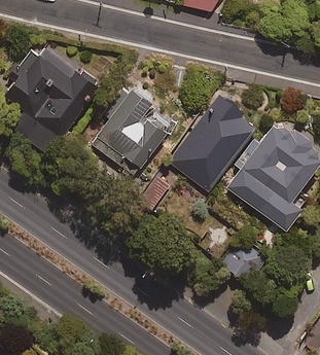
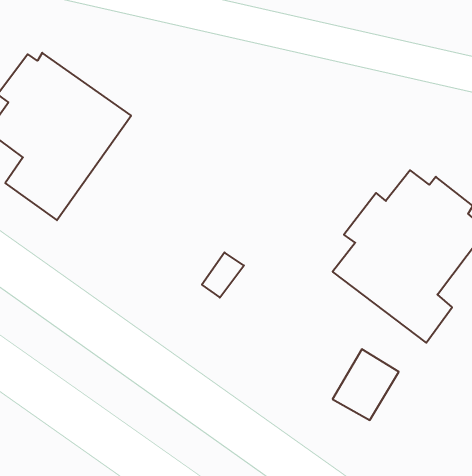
building: [93,95,166,179] -> none
building: [169,96,255,193] -> none

